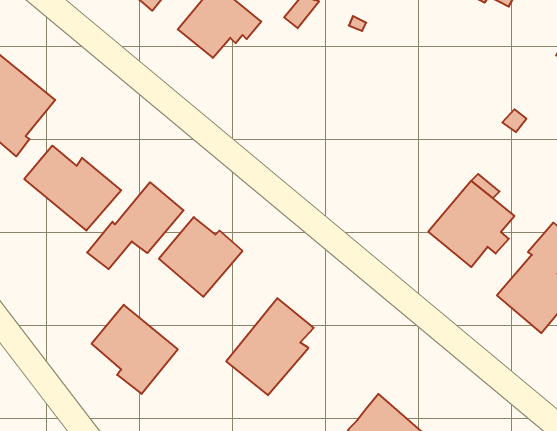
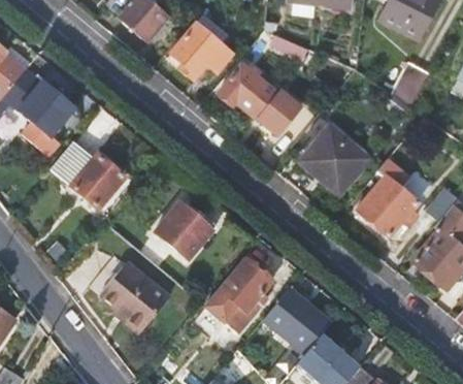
building: none -> [392,61,428,106]
building: none -> [219,64,302,134]
building: none -> [301,125,370,193]
building: [87,182,184,269] -> none
building: none -> [262,287,330,354]

